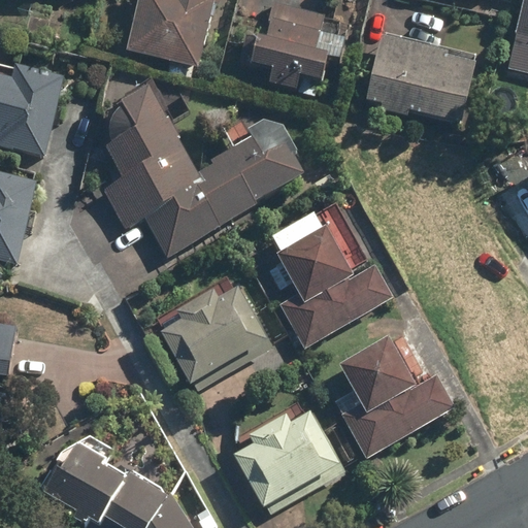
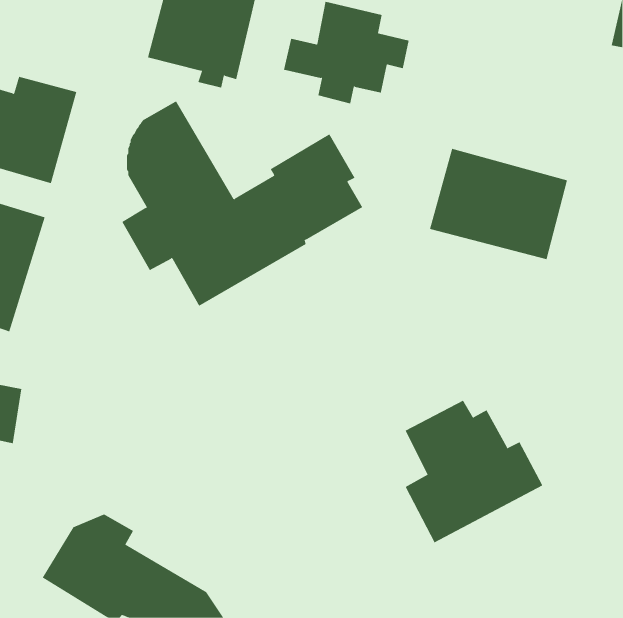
building: [363,30,480,124] -> [429,148,568,260]
building: [268,211,394,346] -> none
building: [160,284,267,381] -> none
building: [235,409,341,506] -> none

